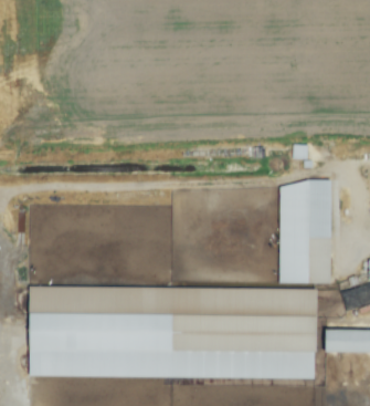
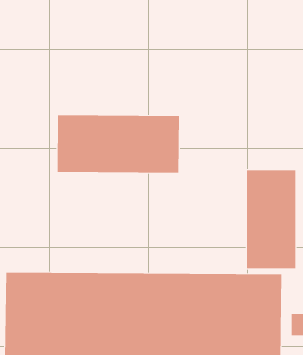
building: none -> [57,115,179,174]

